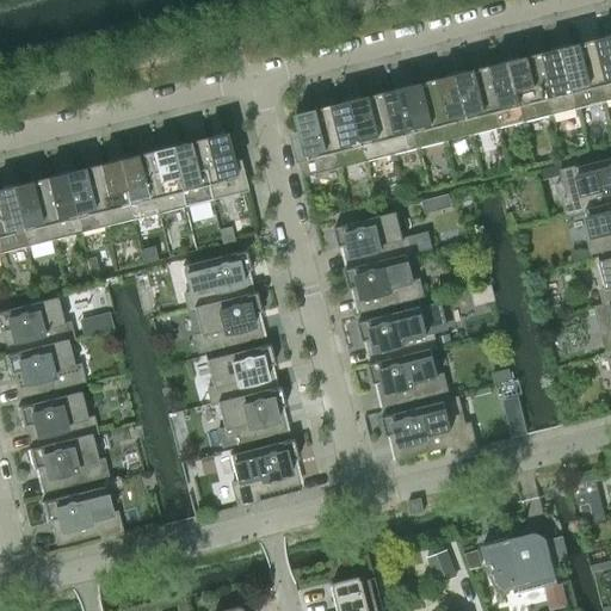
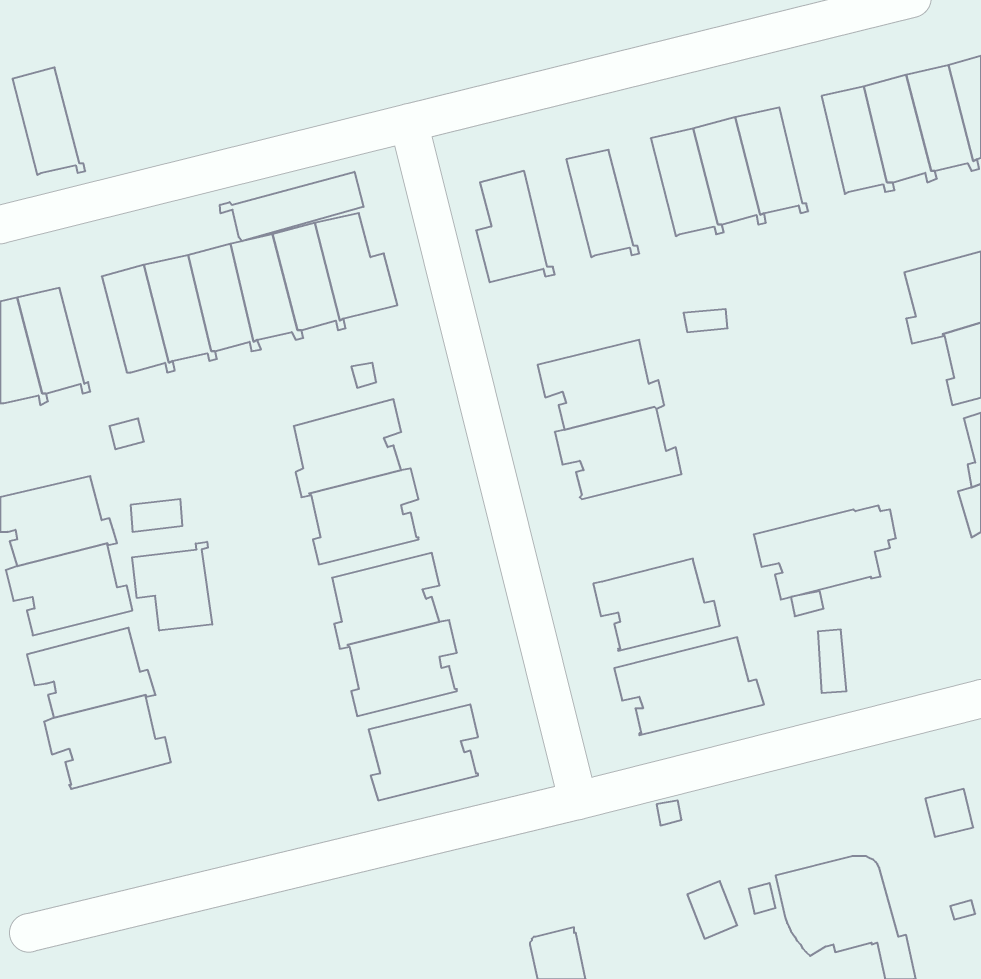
building: [485,60,529,126] -> none
building: [378,86,424,153] -> none
building: [326,99,371,166] -> none
building: none -> [220,172,364,241]
building: [37,172,82,239] -> [12,67,85,175]
building: [358,303,446,362] -> [754,506,896,600]
building: none -> [132,542,212,631]
building: [41,486,121,543] -> none

